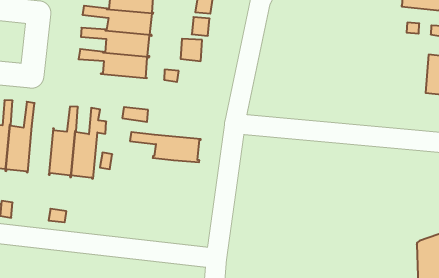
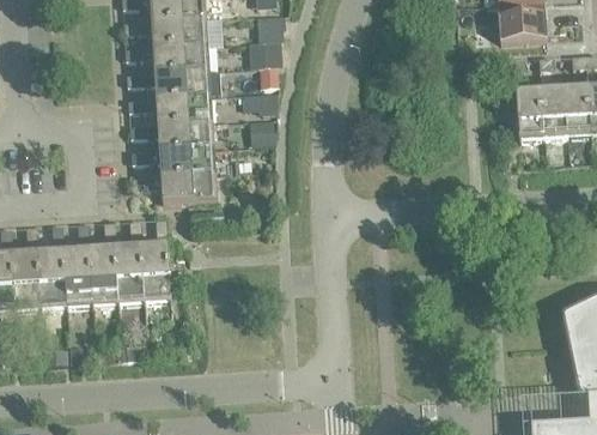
building: none -> [516,89,544,137]
building: none -> [90,218,118,302]
building: [130,132,201,162] -> [133,169,218,200]

